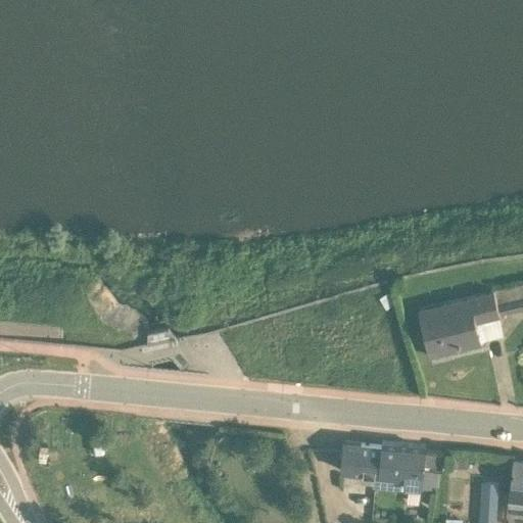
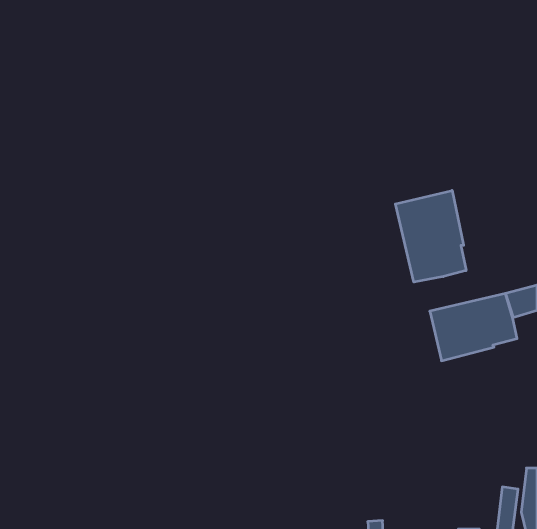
building: none -> [395,190,466,282]
building: [341,443,448,490] -> none

